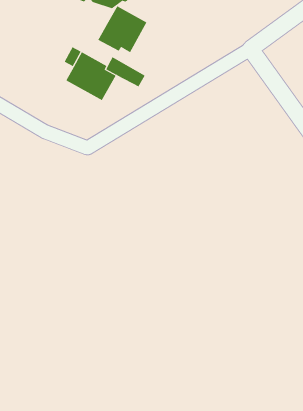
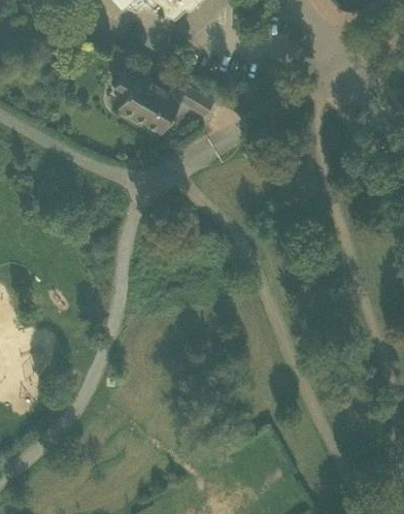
building: [98,5,147,53] -> none

